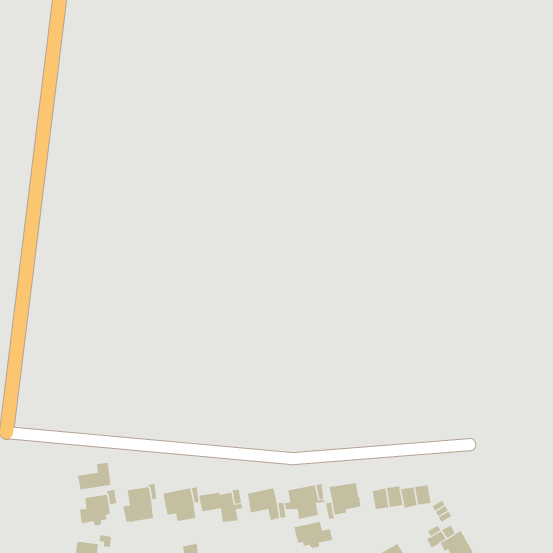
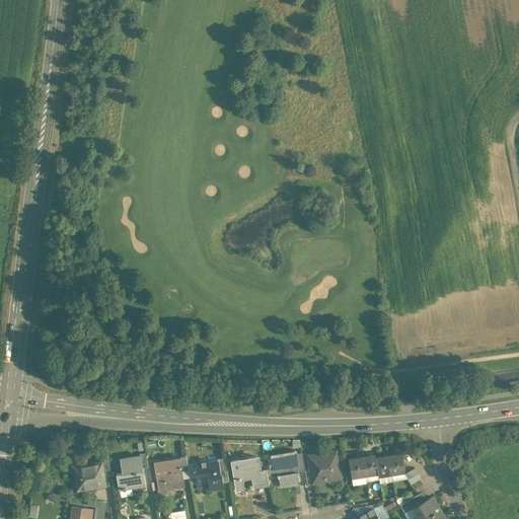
building: [76,462,111,490] -> none
building: [294,521,333,549] -> none

